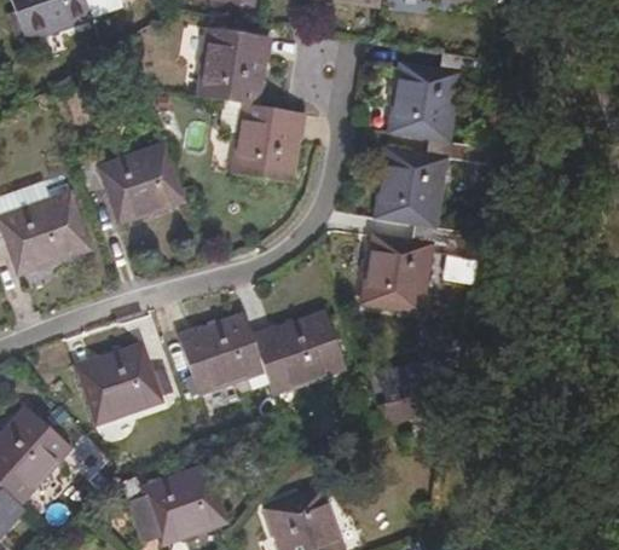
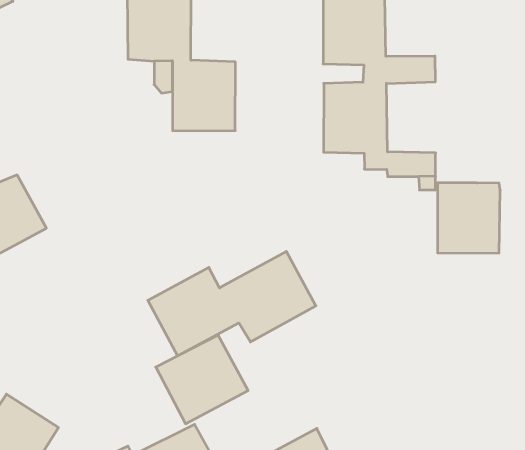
building: [79,144,185,222] -> none
building: [363,233,434,312] -> [438,183,500,253]
building: [76,341,163,423] -> [156,335,248,424]

